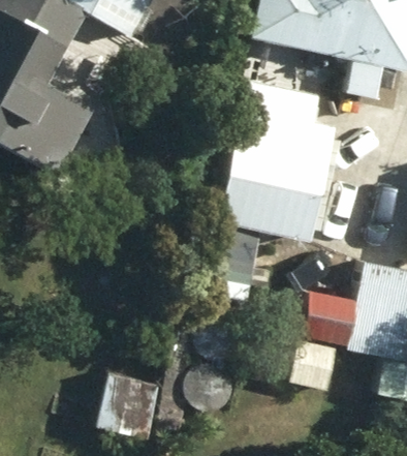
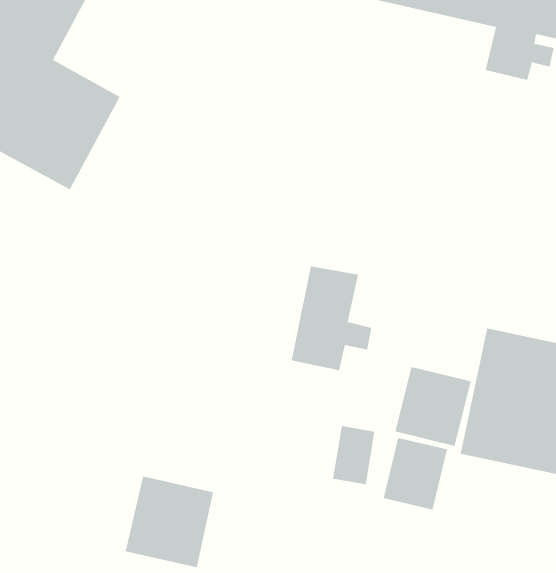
building: [232,83,315,183] -> none

